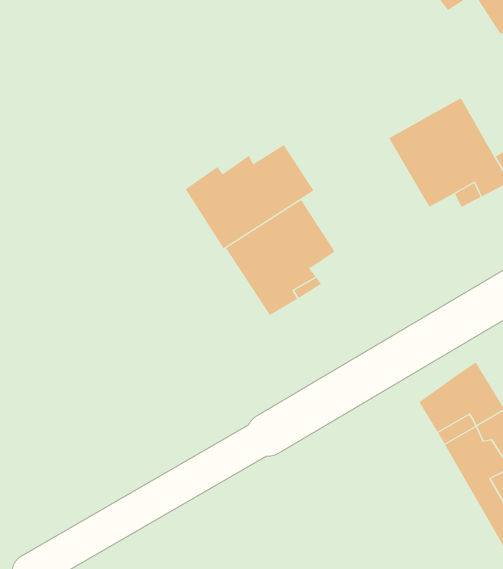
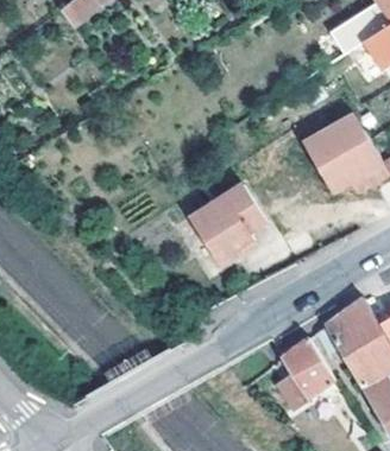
building: [185,144,314,249] -> none
building: none -> [277,338,336,411]

